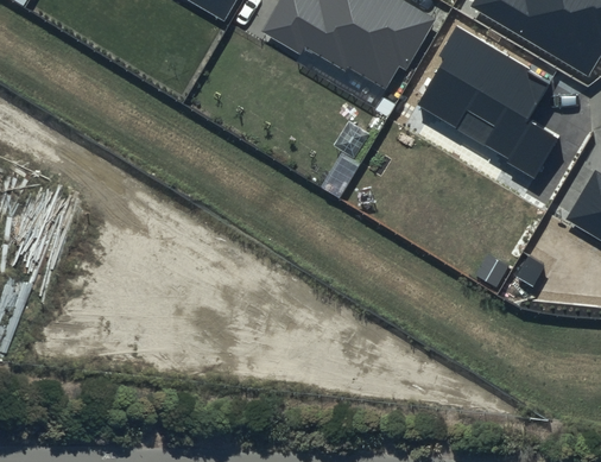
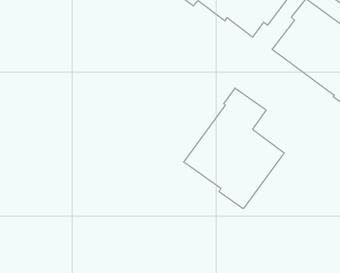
building: none -> [184,88,284,209]

